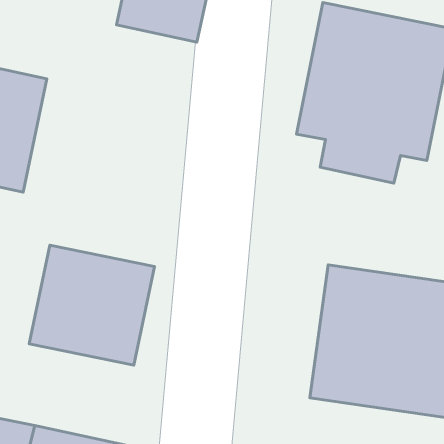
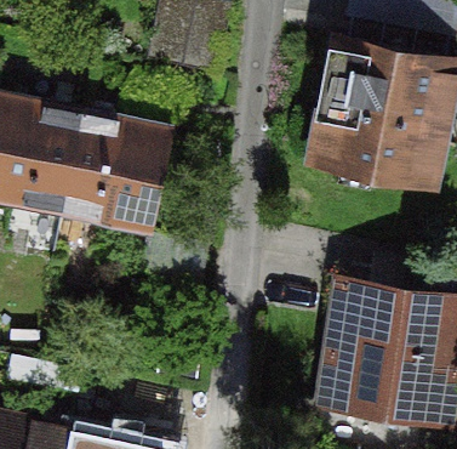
building: none -> [61,108,172,231]
building: [29,245,155,365] -> none

